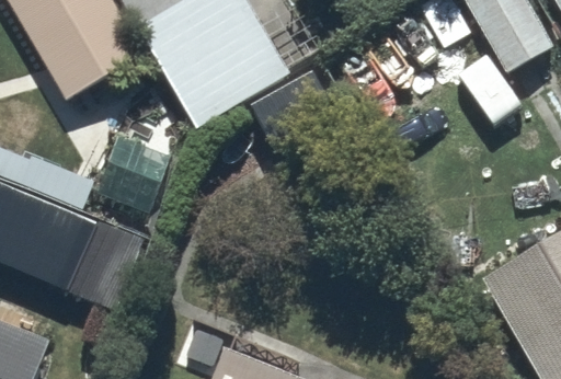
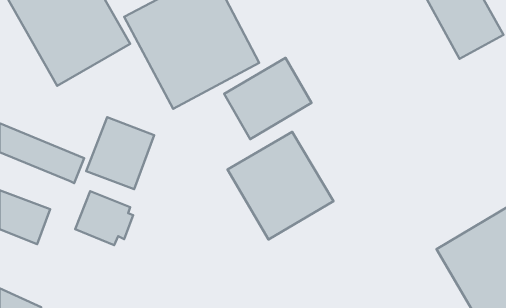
building: none -> [228,132,333,239]

